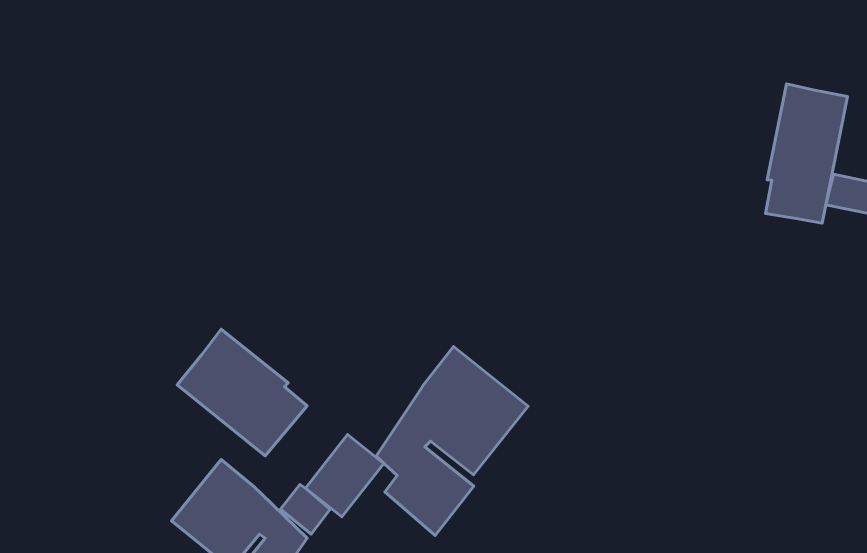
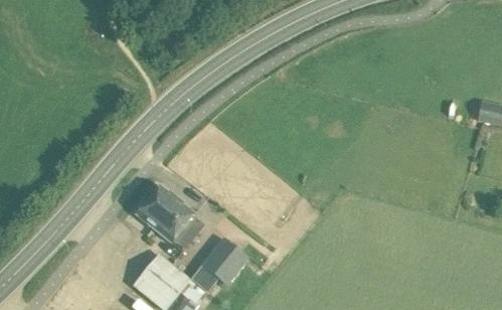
building: [766,84,847,223] -> none
building: [376,347,528,535] -> none

